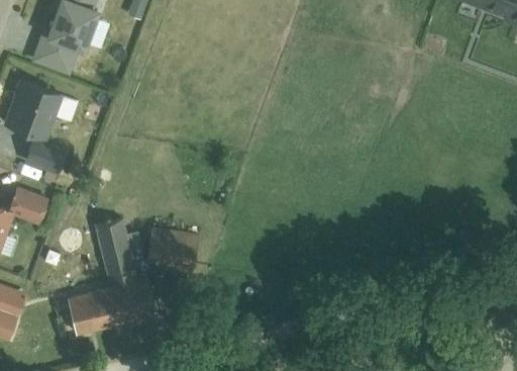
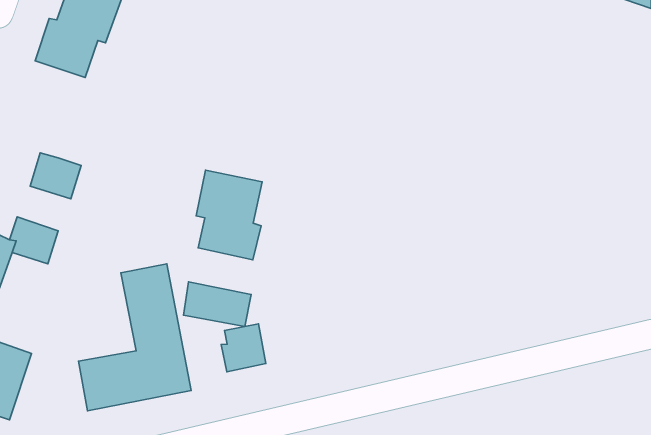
building: [8,78,63,137] -> none
building: none -> [196,170,262,260]
building: none -> [221,324,266,372]

